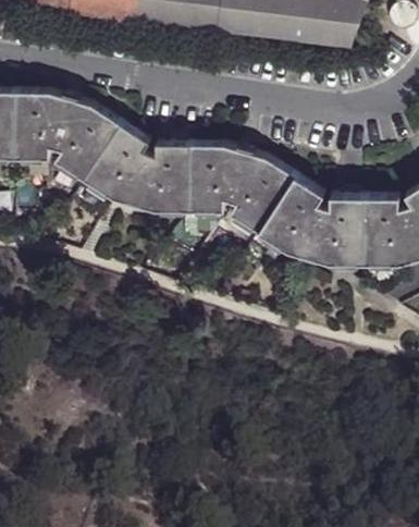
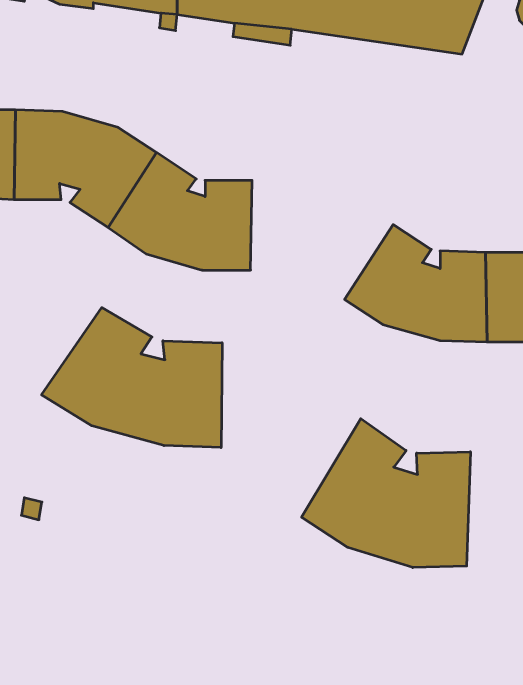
building: [190,144,296,232] -> none
building: none -> [42,308,222,448]
building: none -> [302,419,470,568]

